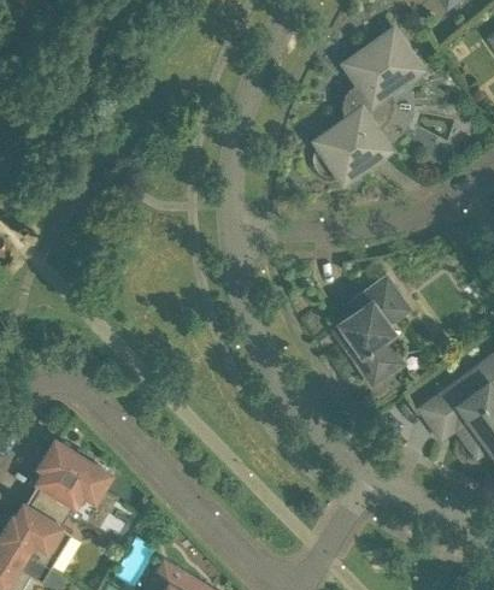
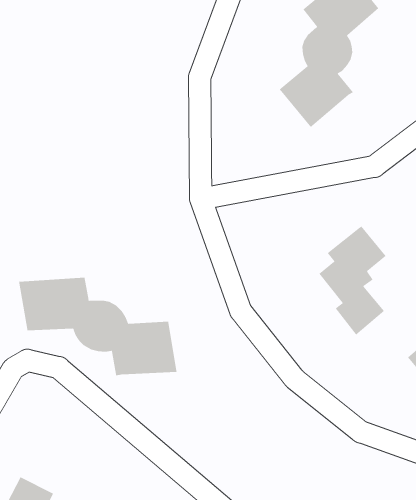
building: none -> [18,277,177,376]
building: [34,441,107,514] -> none

